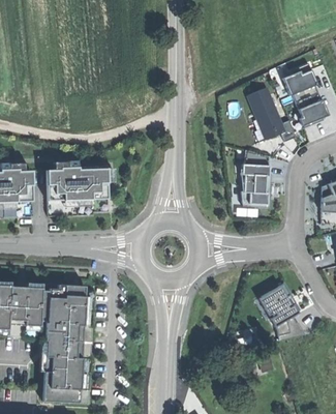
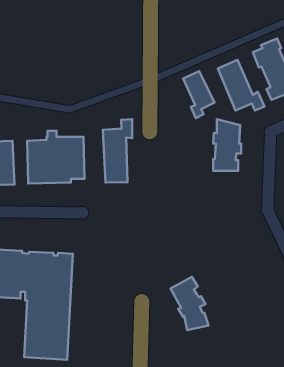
building: none -> [183,71,214,118]
building: none -> [103,119,132,183]
building: [262,283,302,339] -> [171,277,208,330]

